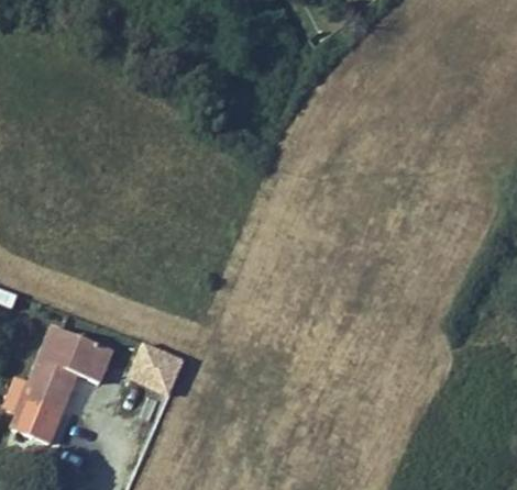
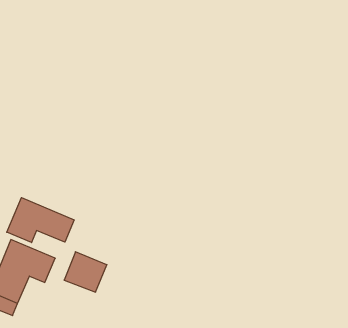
building: none -> [7,198,74,243]

